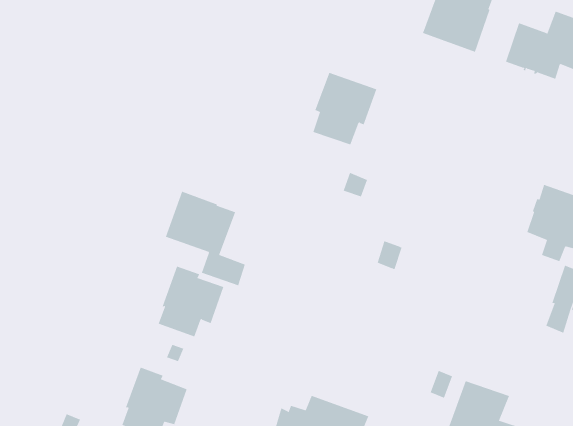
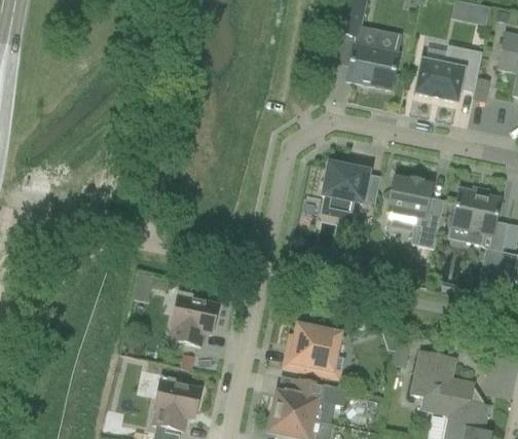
building: [313,72,377,145] -> [322,162,369,218]
building: none -> [385,177,444,248]
building: [165,191,246,286] -> none
building: none -> [282,324,343,378]

